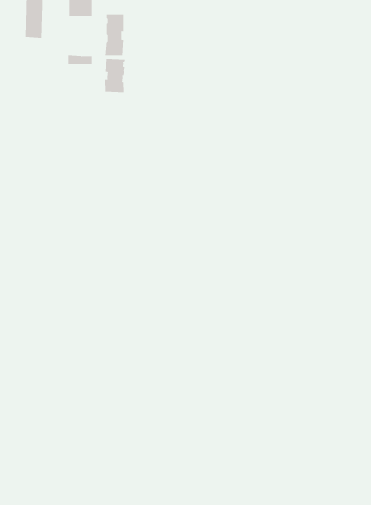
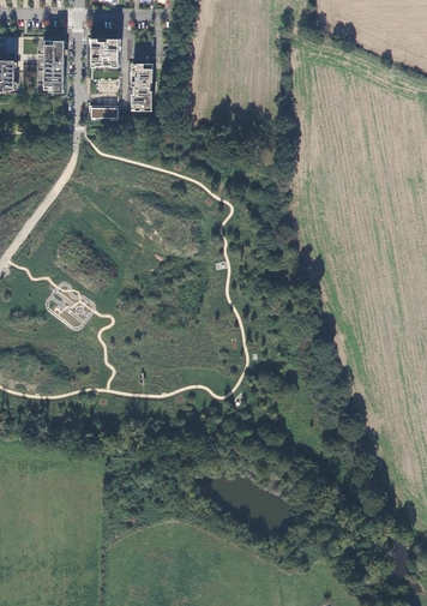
building: [105,58,125,93] -> none

